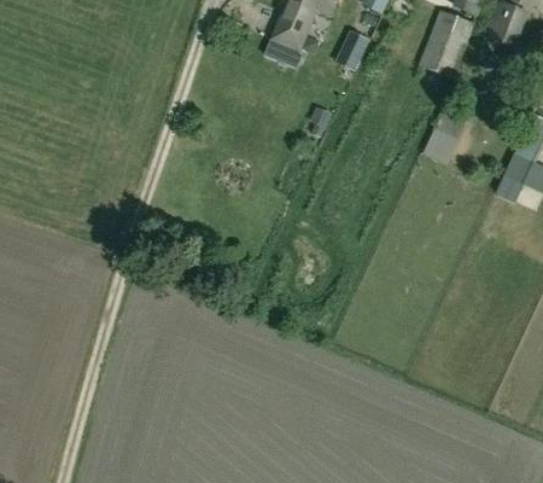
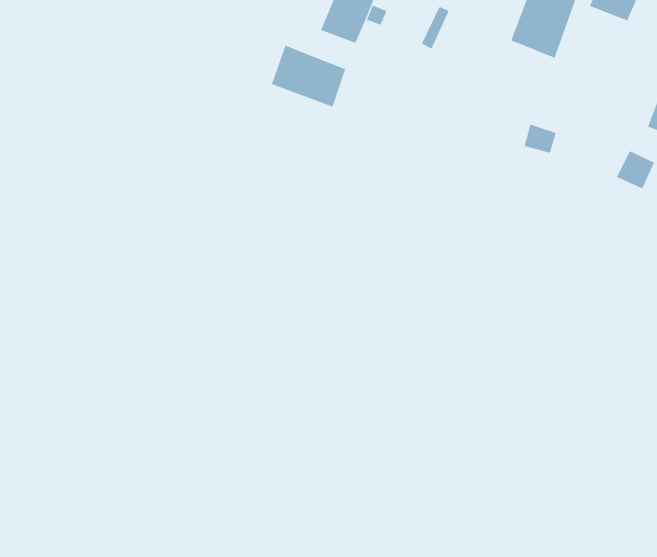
building: none -> [271,45,346,108]

